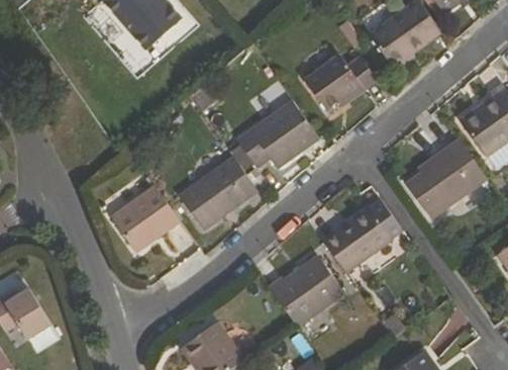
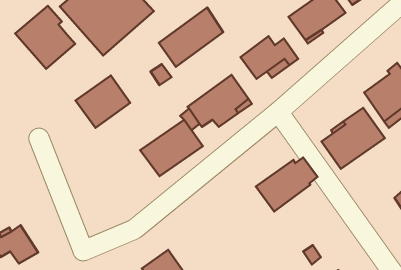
building: none -> [15,6,75,69]
building: none -> [159,8,223,67]
building: [108,185,177,251] -> [76,76,130,128]
building: [269,255,343,325] -> none

